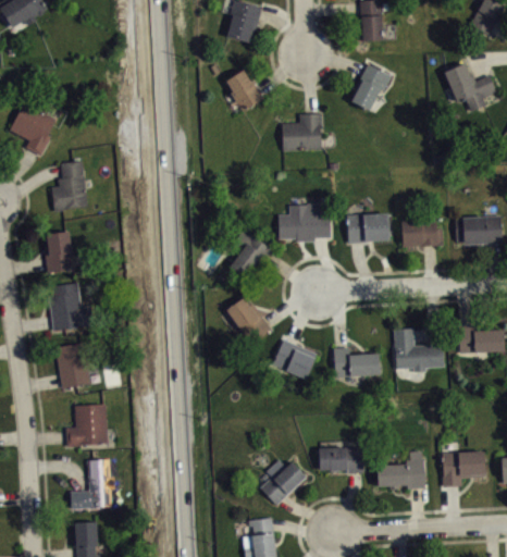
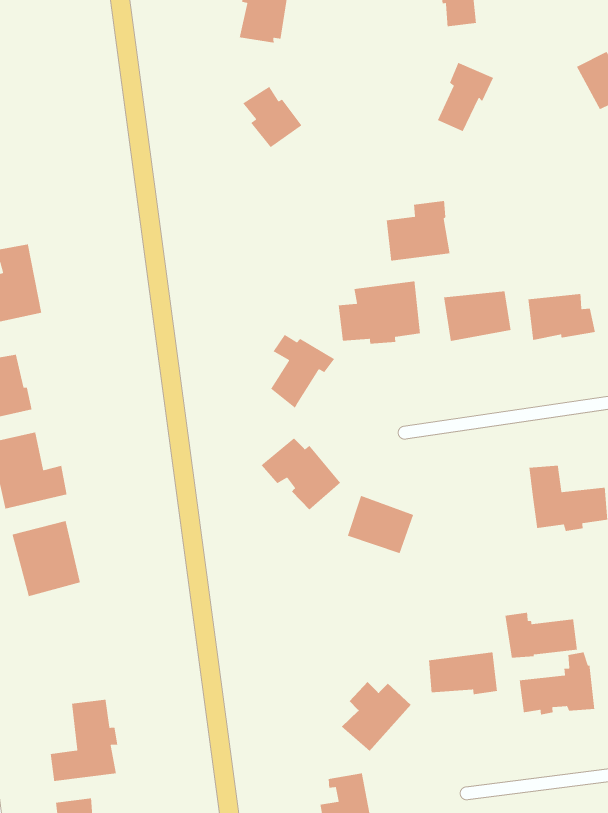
building: [282,113,322,150] -> [386,200,451,262]
building: [334,347,380,376] -> [505,612,578,659]
building: [65,404,107,445] -> none

